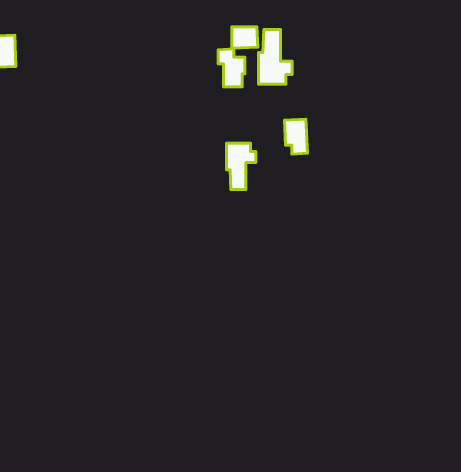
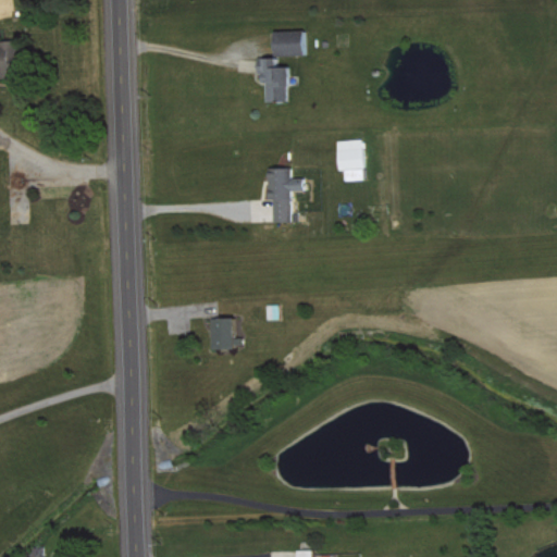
building: [258,30,292,84] -> none
building: none -> [209,318,233,349]

